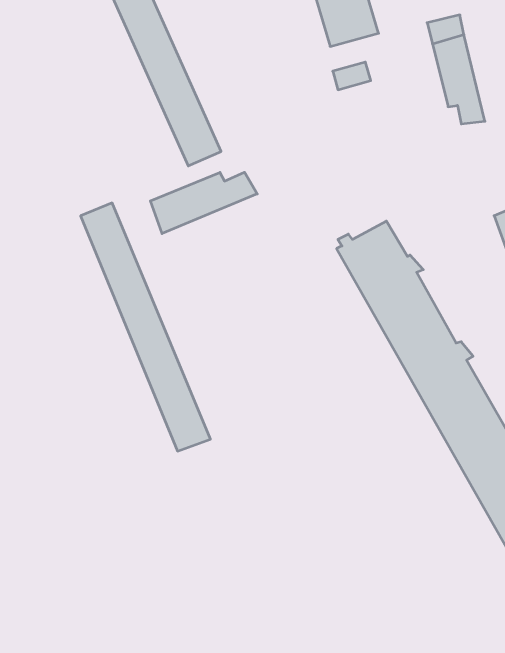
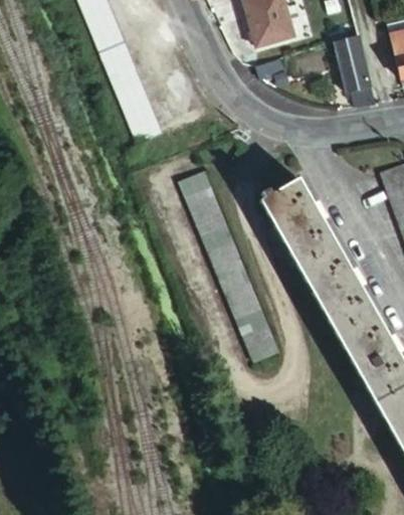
building: [150,172,257,234] -> none
building: [81,203,210,451] -> [180,171,279,361]

